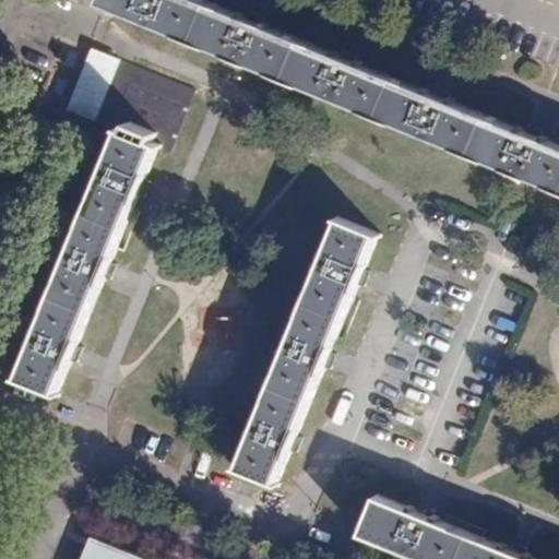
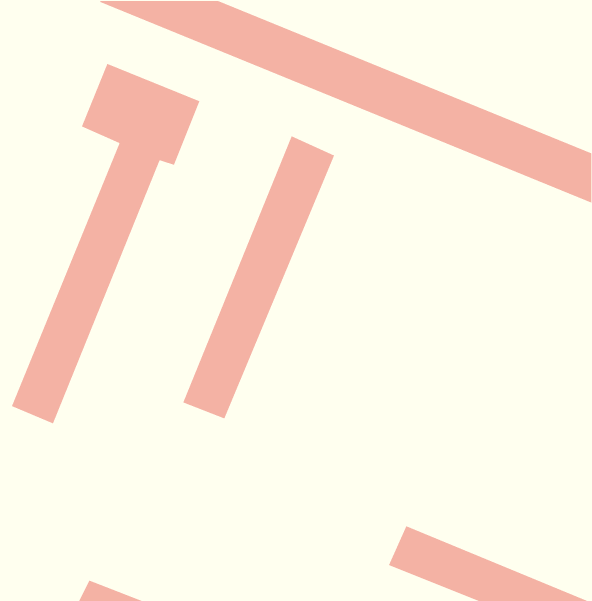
building: [229,219,370,481] -> [182,135,335,420]

